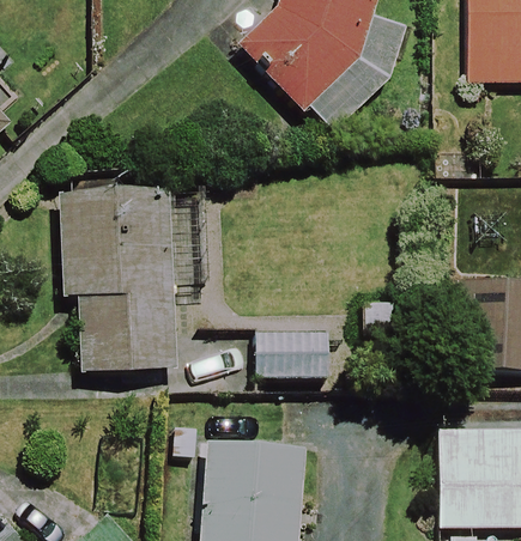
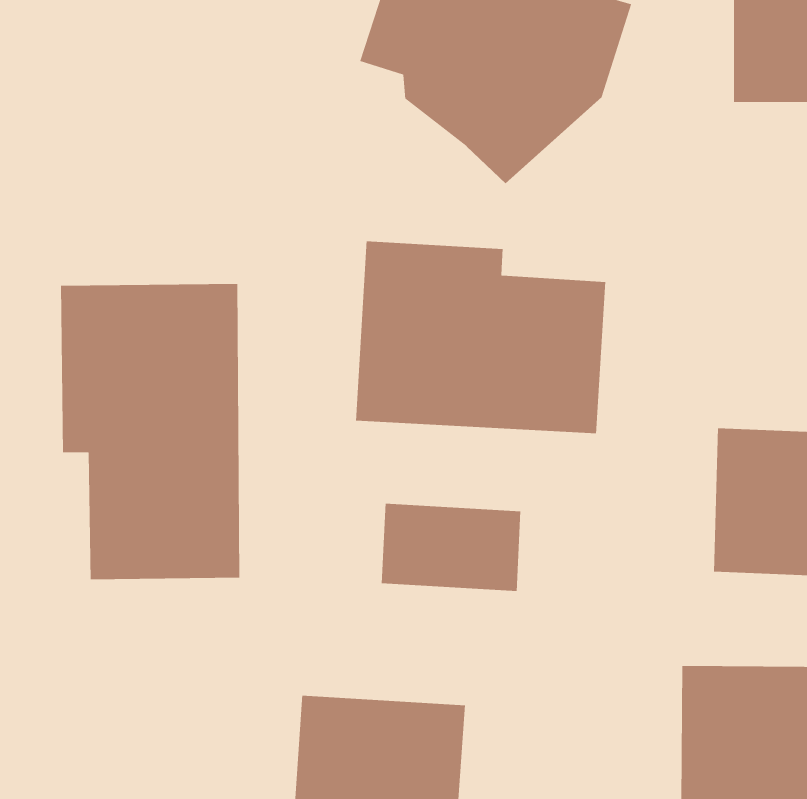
building: none -> [355,241,606,434]

